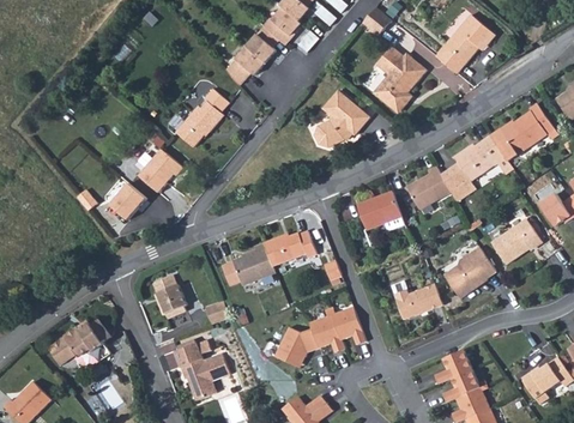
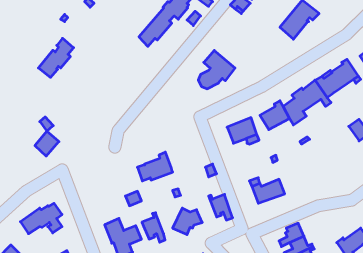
building: [371,46,424,111] -> none
building: [175,87,228,146] -> [38,38,74,77]
building: [137,149,182,192] -> none
building: [109,182,145,219] -> [35,131,59,156]
building: [490,218,540,264] -> none
building: [264,230,315,265] -> none
building: [442,246,495,297] -> none
building: [151,273,185,318] -> none
building: [308,308,343,352] -> [142,213,165,242]

